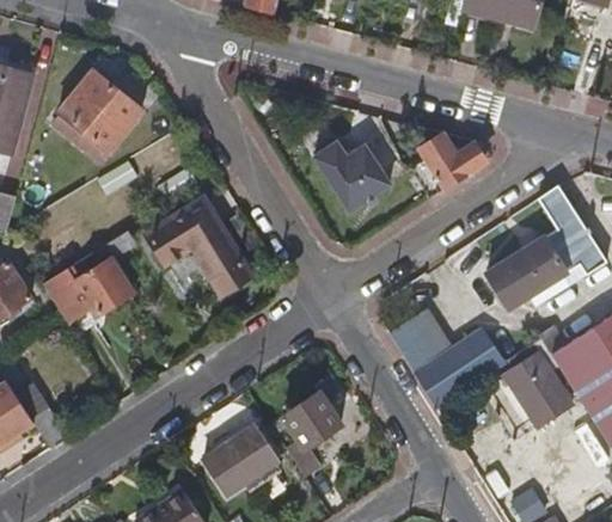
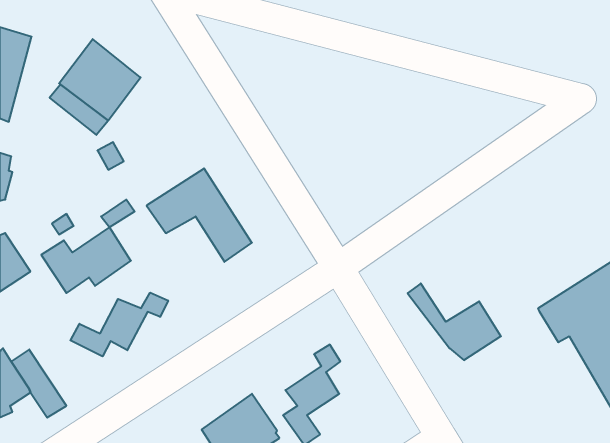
building: [316,125,398,215] -> none
building: [406,136,481,201] -> none
building: [494,185,604,301] -> none
building: none -> [70,293,168,356]
building: [390,324,464,409] -> none
building: [500,352,570,429] -> none

